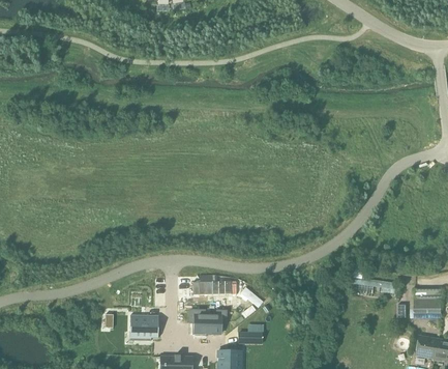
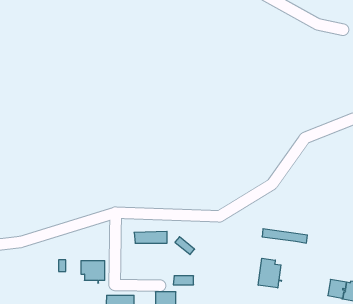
building: [416,299,442,317] -> none
building: none -> [258,258,281,288]
building: [195,314,220,334] -> none

